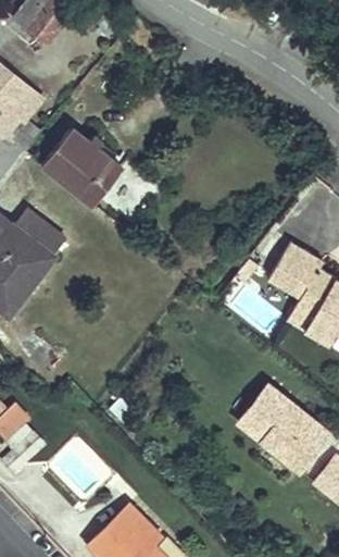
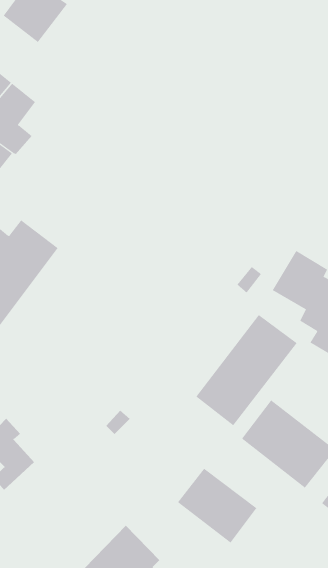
building: [42,128,123,206] -> none
building: none -> [196,314,298,426]
building: none -> [177,468,257,543]

